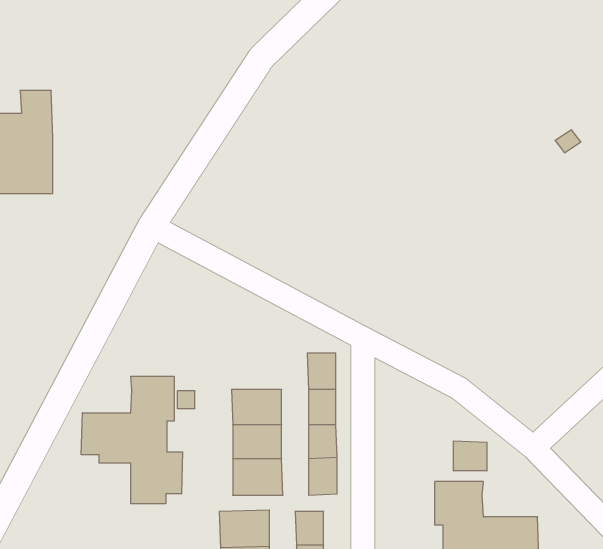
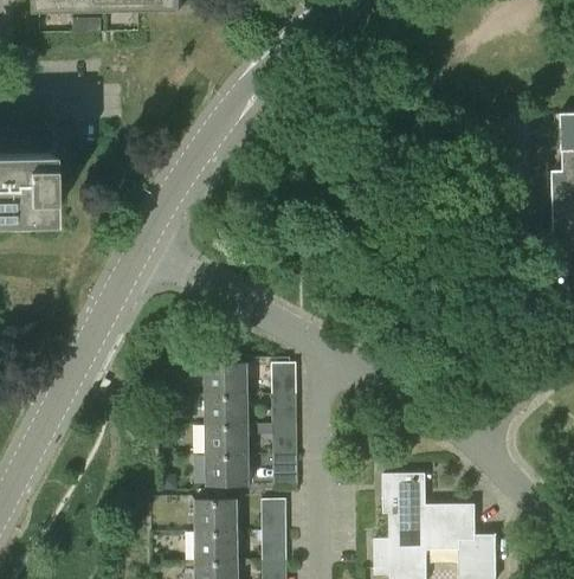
building: none -> [205,364,249,394]
building: [81,376,183,504] -> none
building: [454,441,487,471] -> none

